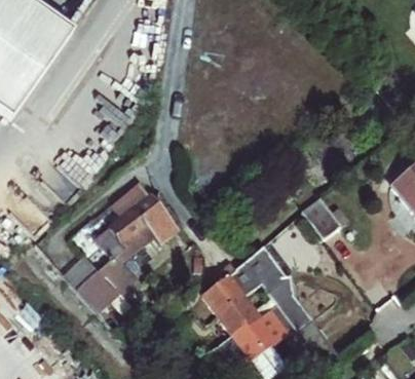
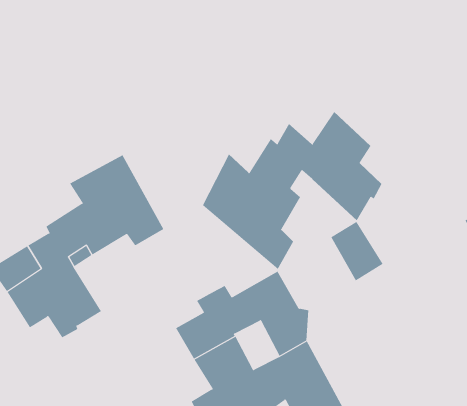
building: none -> [202,111,382,270]

